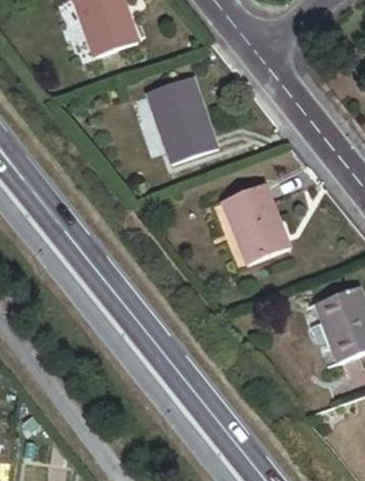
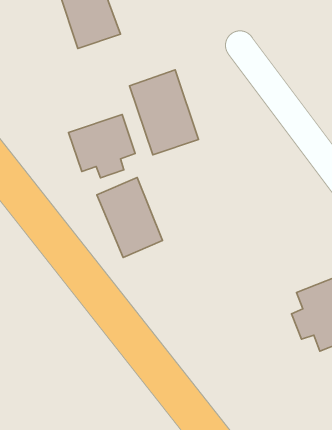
building: none -> [69,115,135,178]
building: [222,183,289,264] -> [97,178,163,258]

